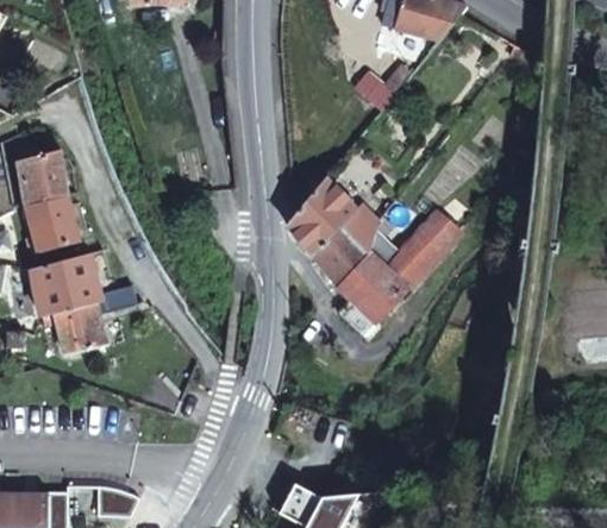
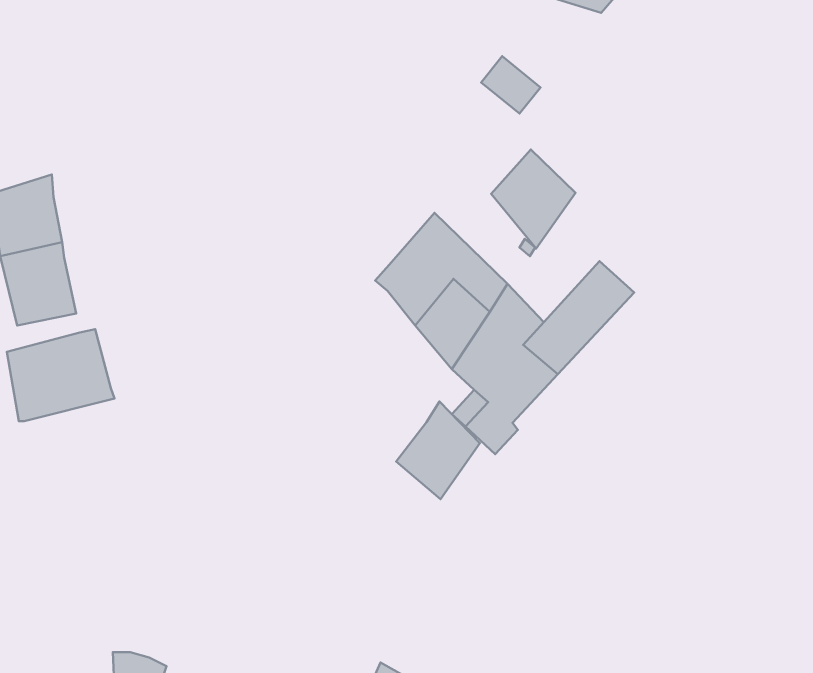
building: none -> [491,149,575,249]
building: [43,288,136,358] -> none
building: none -> [396,401,480,499]

